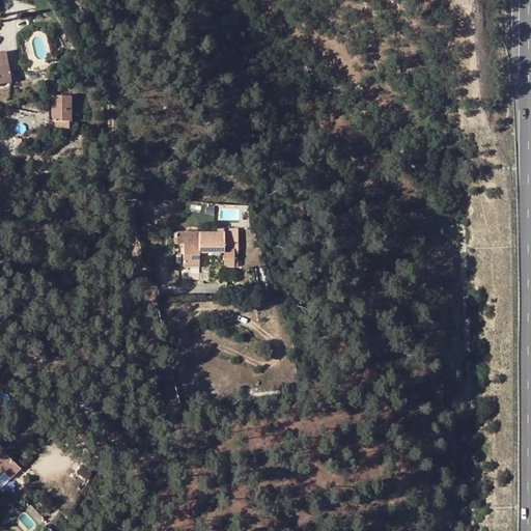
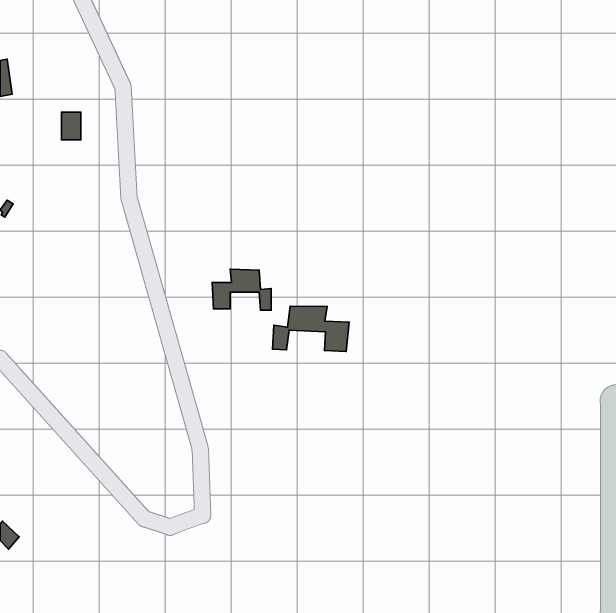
building: none -> [273,306,349,351]

